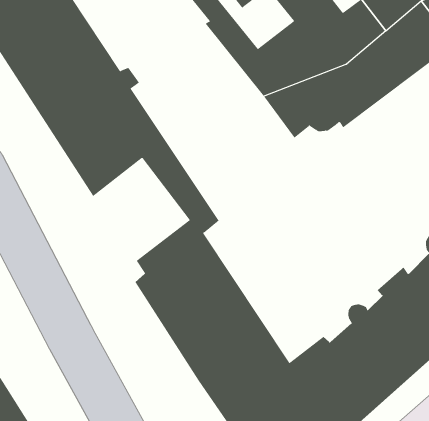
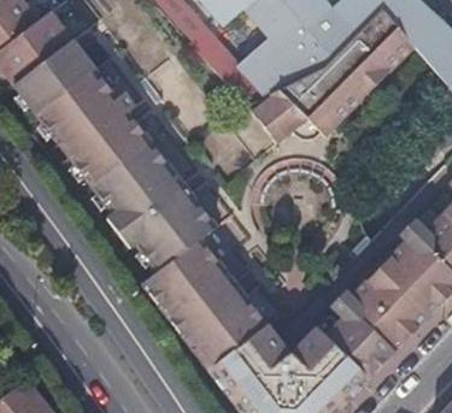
building: none -> [99,166,189,259]

